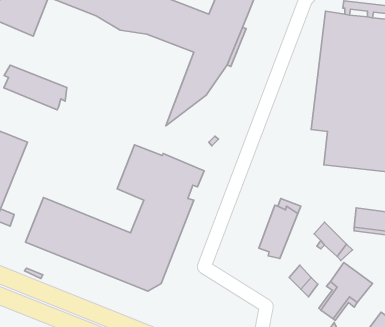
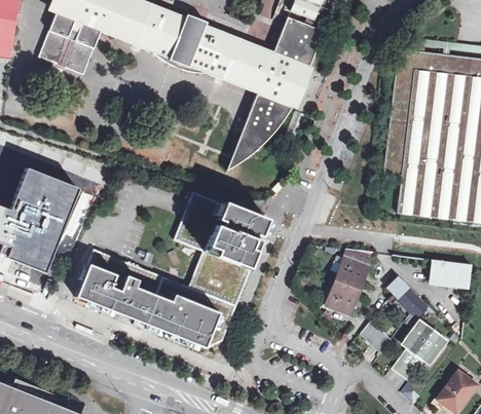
building: [4,65,67,110] -> none

